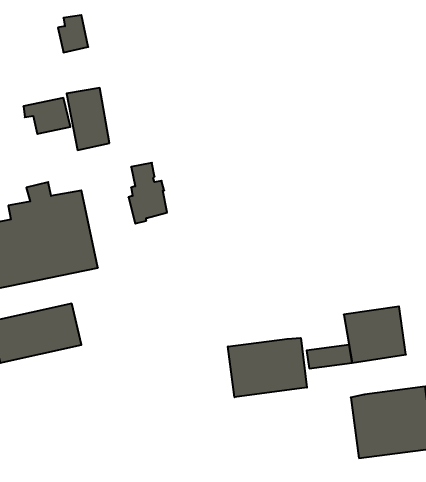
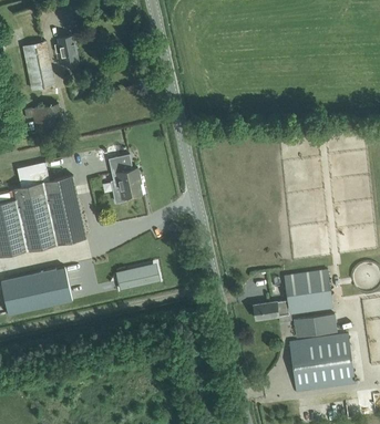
building: [67,88,109,150] -> [21,40,55,90]
building: none -> [117,265,160,290]
building: [228,338,307,397] -> none
building: none -> [294,313,336,338]

